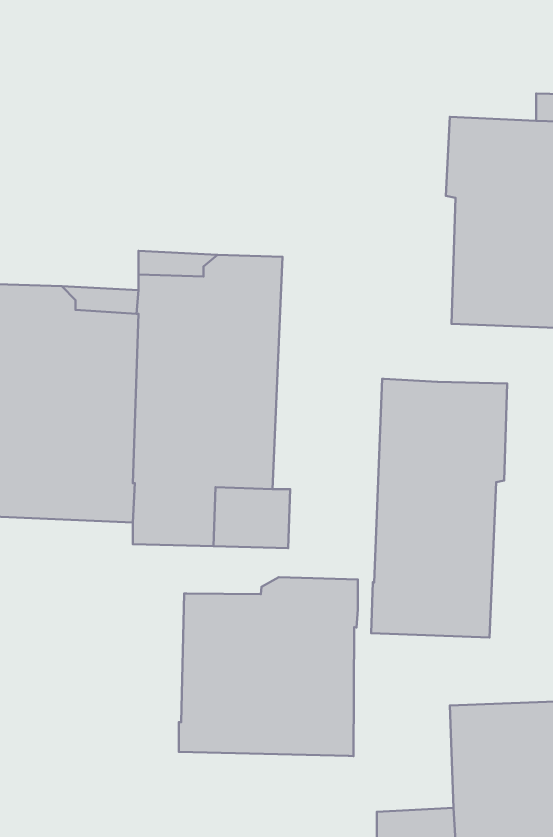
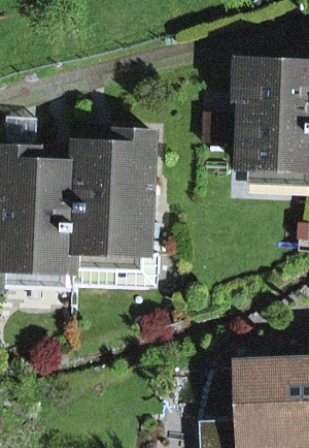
building: [371,379,507,637] -> none
building: [179,577,358,756] -> none

